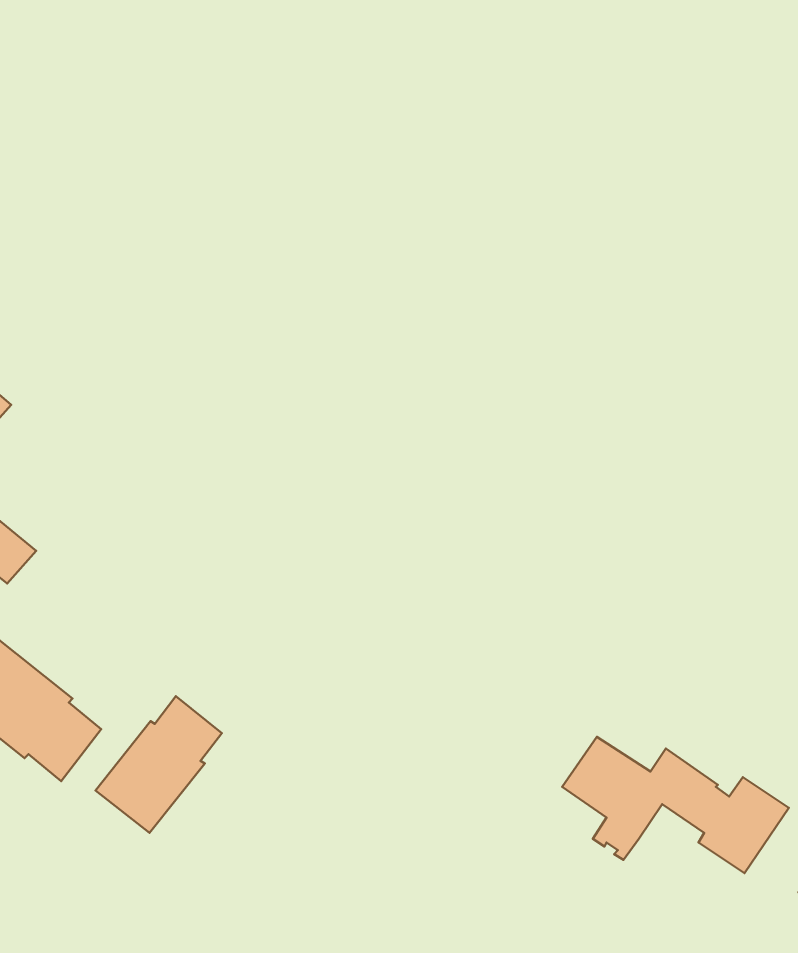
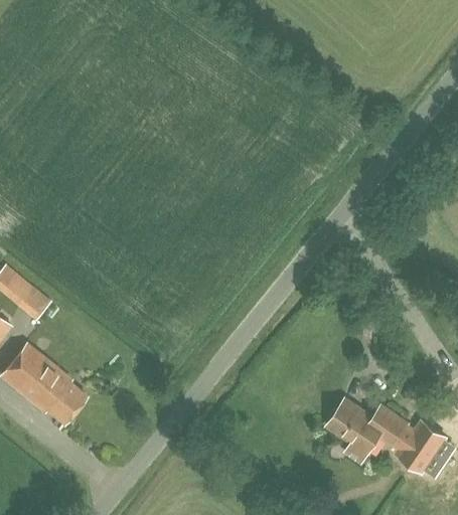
building: [95,696,222,833] -> none

